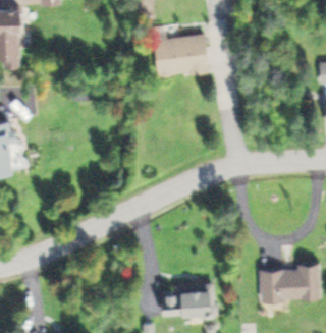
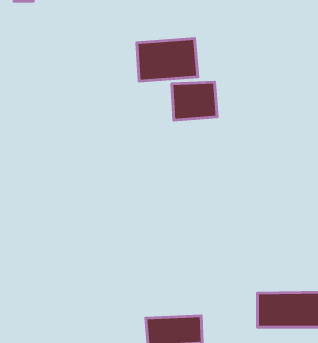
building: none -> [172,82,217,120]

